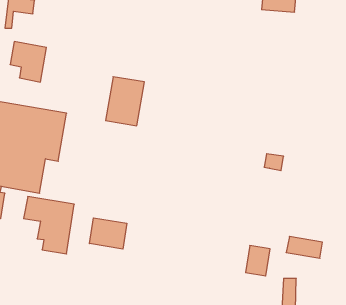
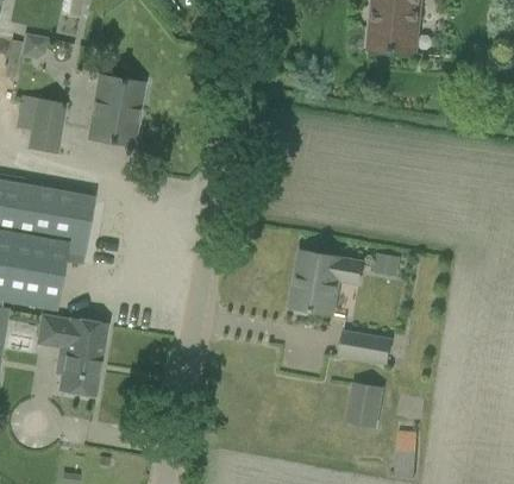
building: [106,77,144,126] -> [88,75,143,144]
building: none -> [290,250,362,314]
building: [89,218,127,249] -> none
building: [286,236,322,258] -> [339,331,390,362]

